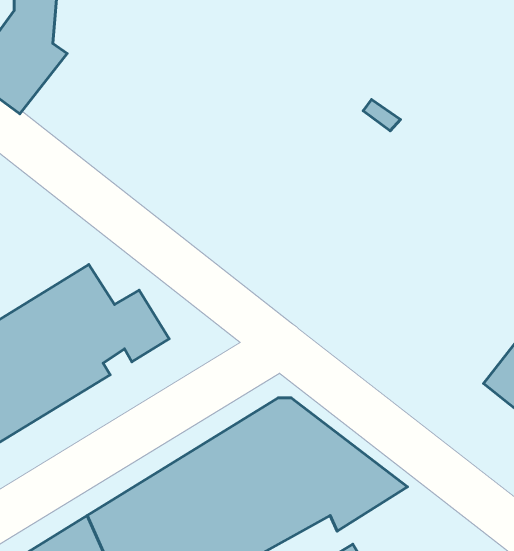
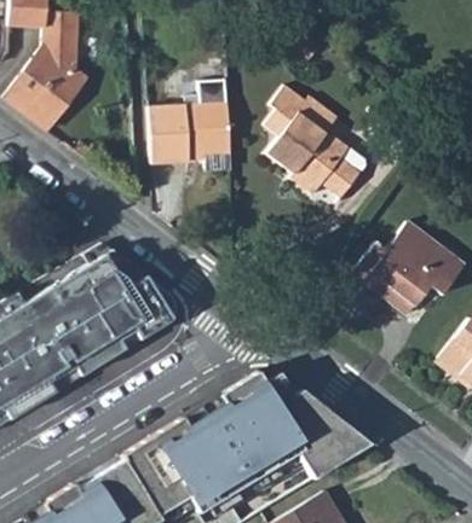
building: none -> [149,81,232,170]
building: none -> [264,86,365,199]
building: none -> [352,223,459,315]

